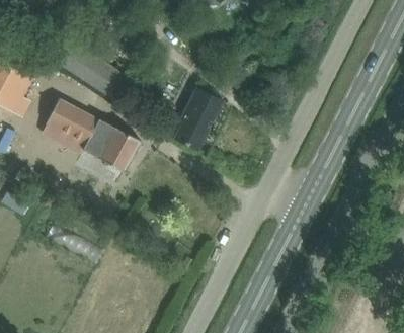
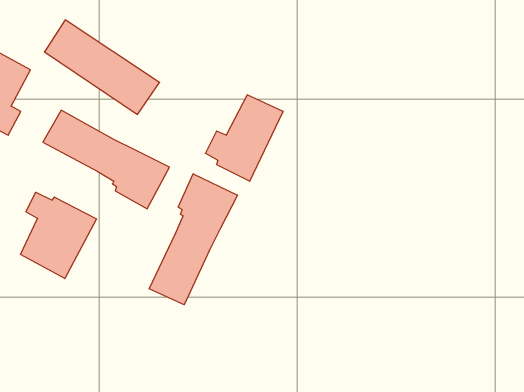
building: none -> [149,174,238,305]
building: none -> [20,192,97,279]

